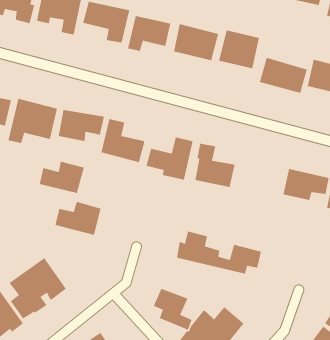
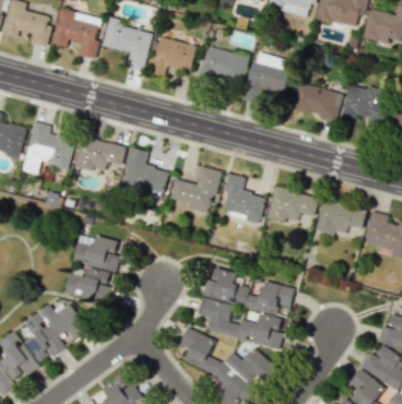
building: none -> [267,186,318,223]
building: [39,161,85,194] -> [64,266,114,301]
building: none -> [198,298,285,347]

